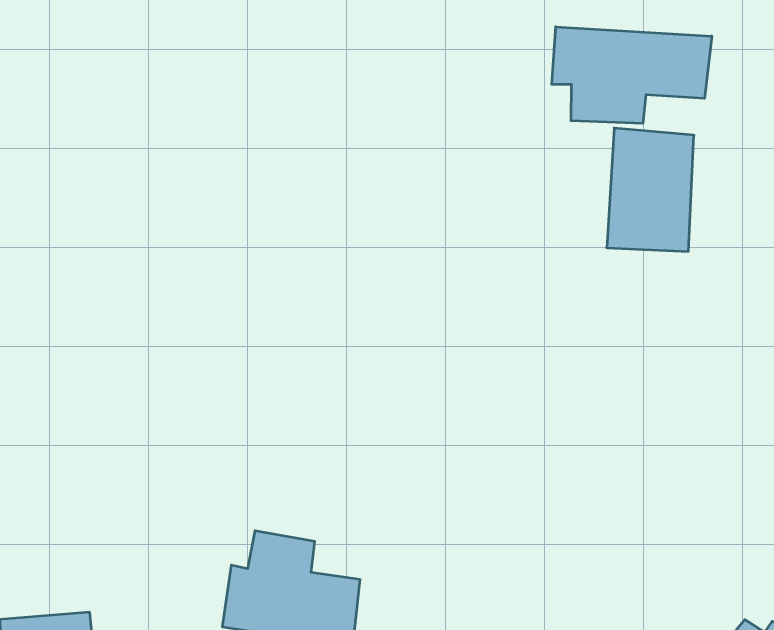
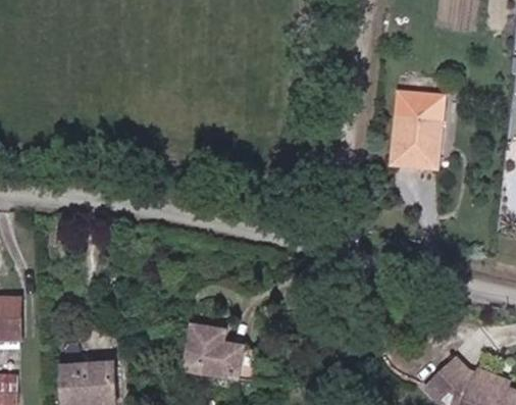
building: [552,27,712,123] -> none

